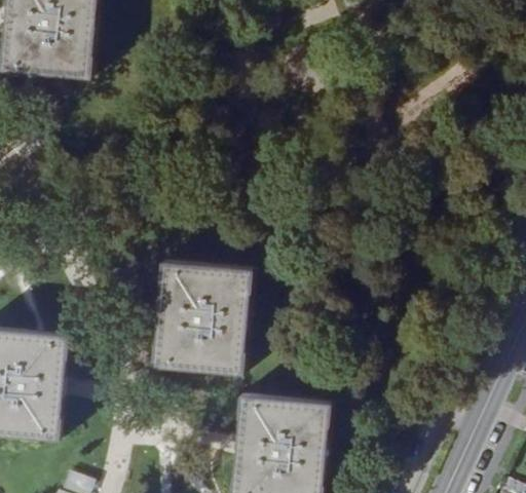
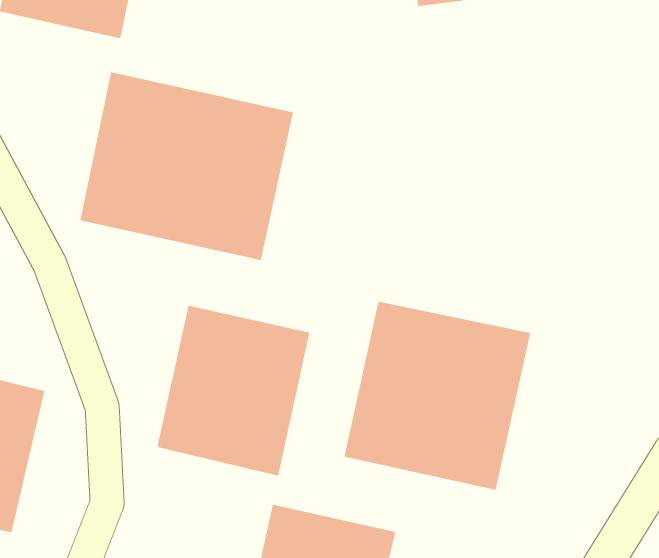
building: none -> [80,71,294,261]
building: none -> [344,301,531,490]

